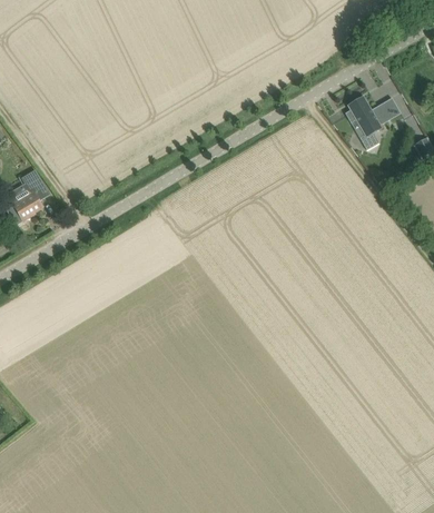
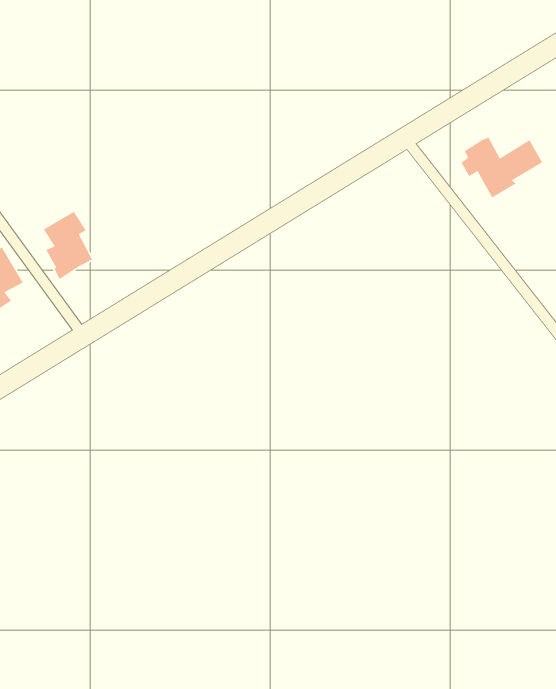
building: none -> [43,211,93,280]

